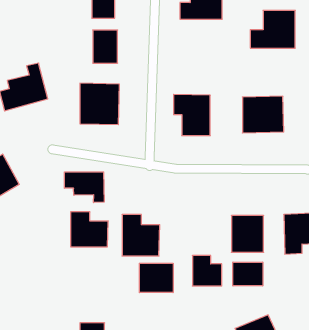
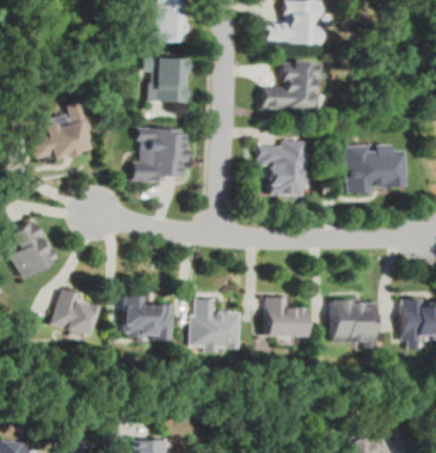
building: [250,10,295,48] -> [263,61,321,110]
building: [64,172,104,203] -> none
building: none -> [53,290,100,336]
building: [192,256,222,286] -> [269,298,307,337]
building: [233,262,263,286] -> none
building: [139,263,173,293] -> none

